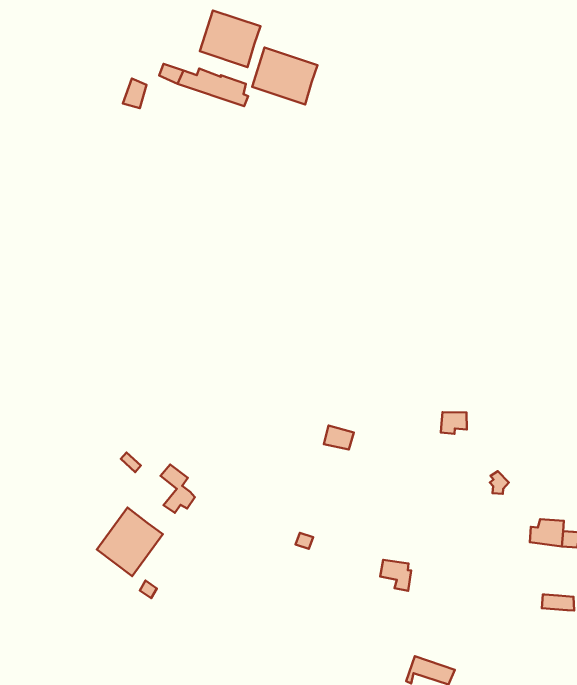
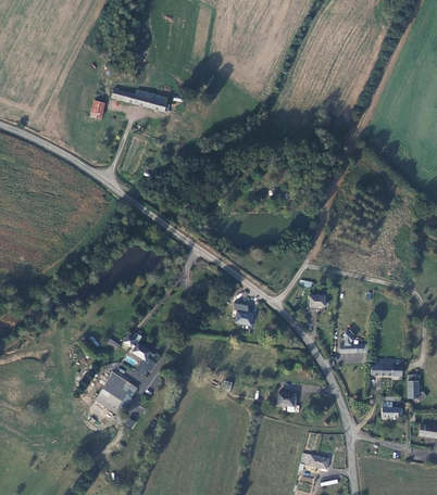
building: [200,10,260,67] -> none
building: [252,47,318,105] -> none

